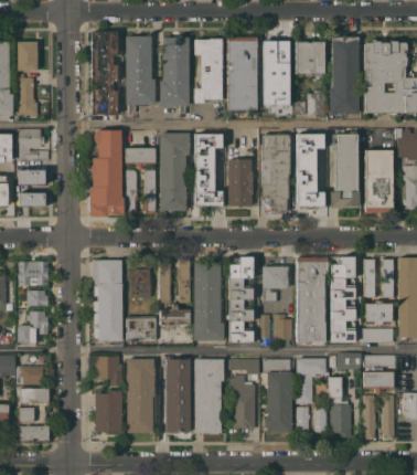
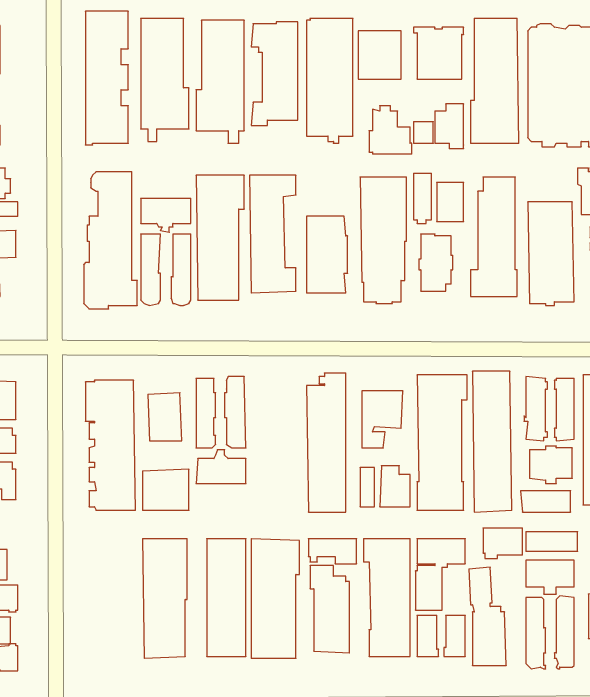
building: [194,262,224,340] -> none
building: [95,356,124,386] -> none
building: [96,391,122,432] -> none

